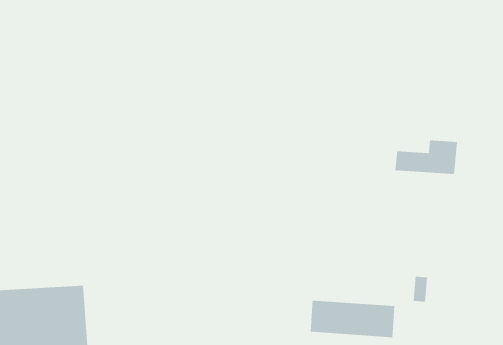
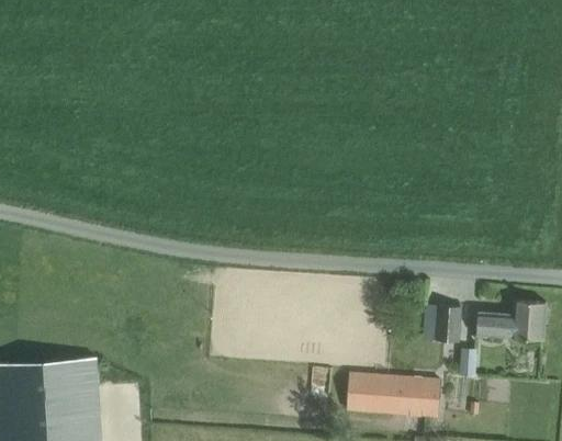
building: [394,140,458,175] -> [475,301,546,339]
building: none -> [423,305,460,342]

